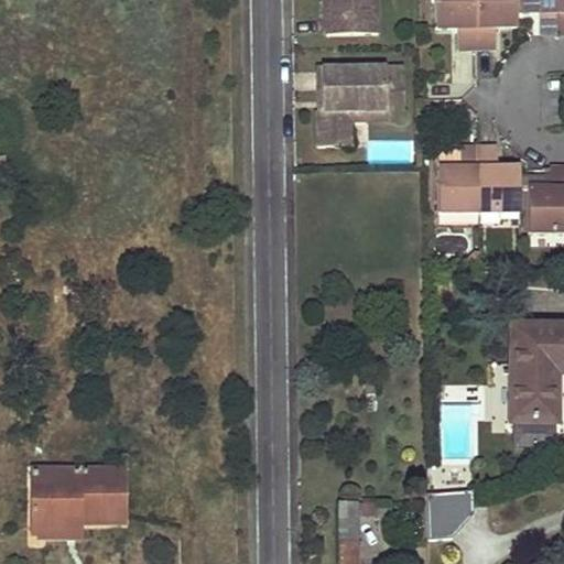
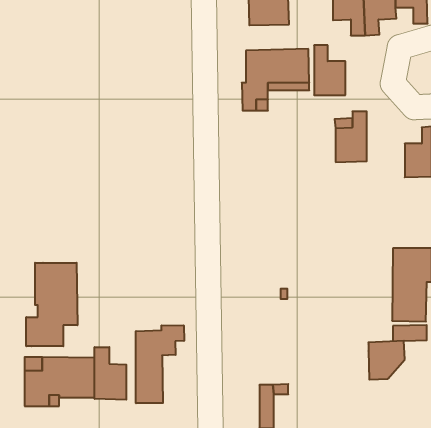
building: [479,145,520,210] -> [314,45,345,95]
building: none -> [26,263,77,346]
building: none -> [136,325,184,403]
building: none -> [95,347,126,400]
building: [427,488,475,539] -> [368,341,405,380]

